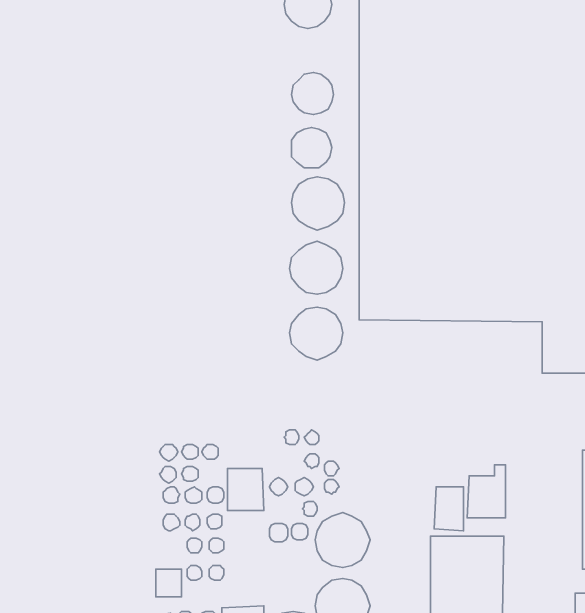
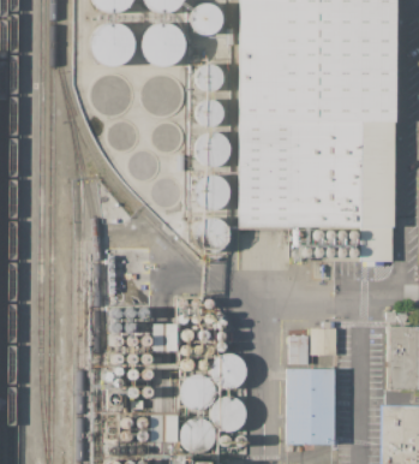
building: none -> [91,23,134,66]
building: none -> [142,23,186,66]
building: none -> [180,374,216,410]

